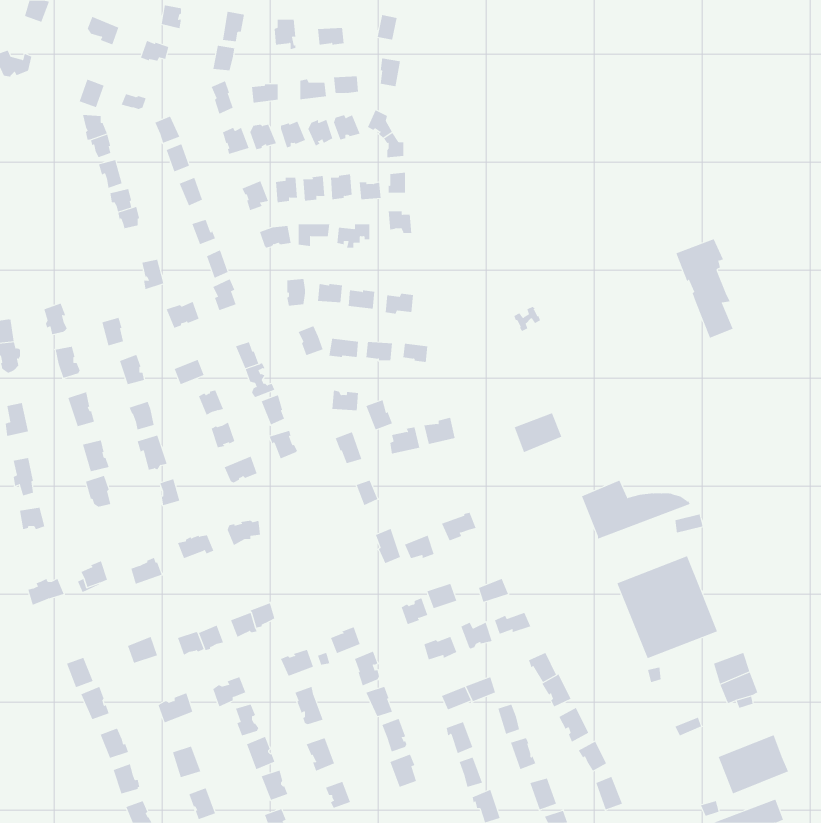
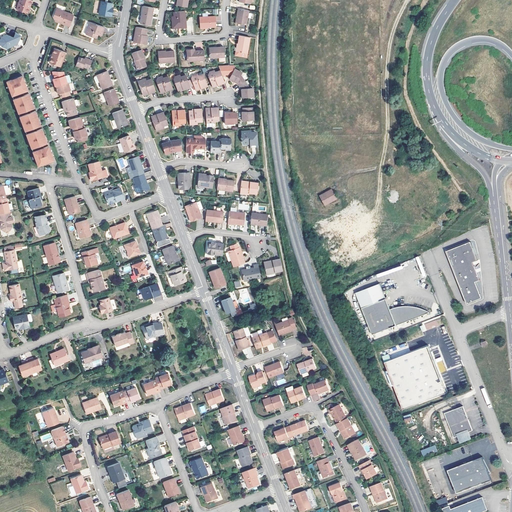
building: none -> [7,76,53,167]
building: [676,239,734,338] -> [444,242,480,304]
building: [514,413,562,453] -> [355,283,385,308]

